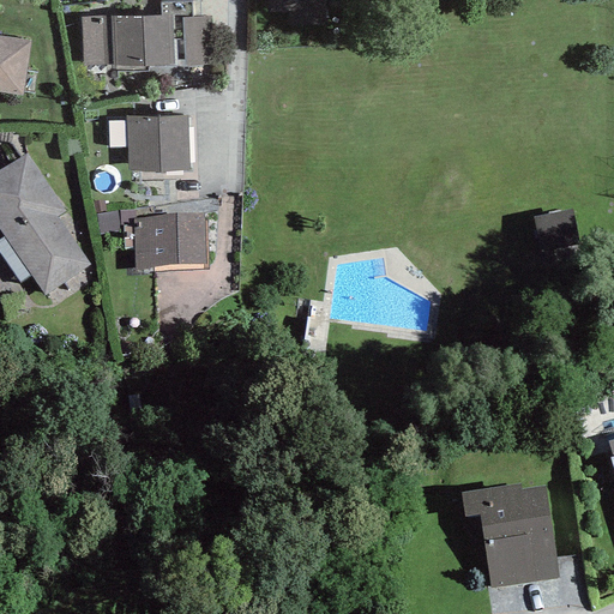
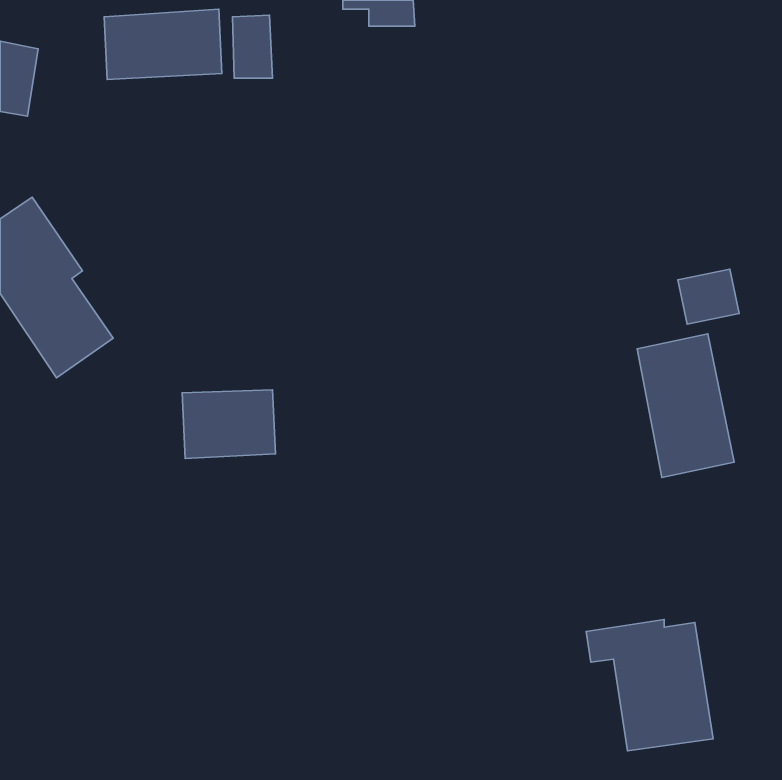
building: [126,109,189,167] -> none
building: [133,218,206,272] -> [182,390,275,459]
building: none -> [637,334,734,478]

